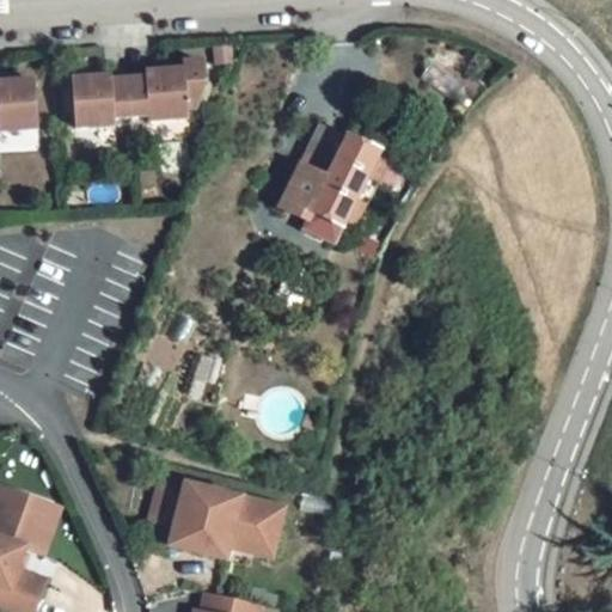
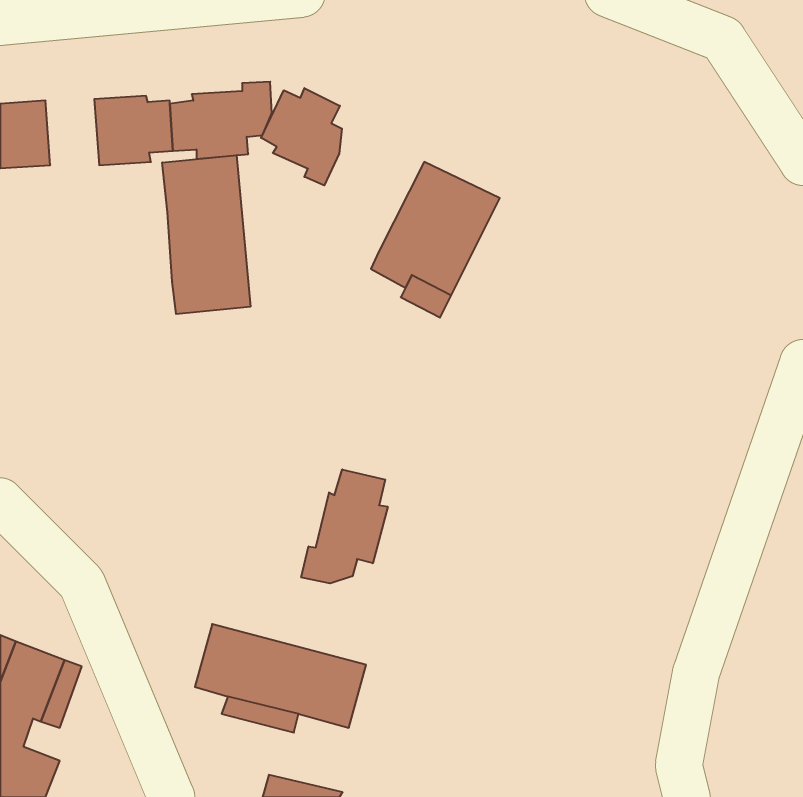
building: none -> [261,88,342,185]
building: none -> [162,155,250,314]
building: none -> [301,469,388,583]

